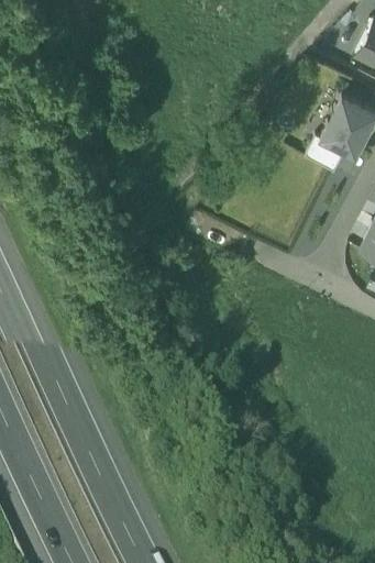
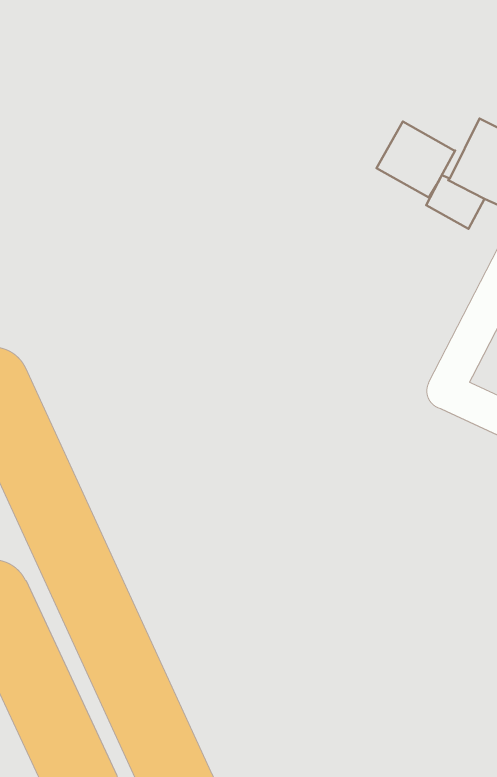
building: none -> [376,122,455,197]

